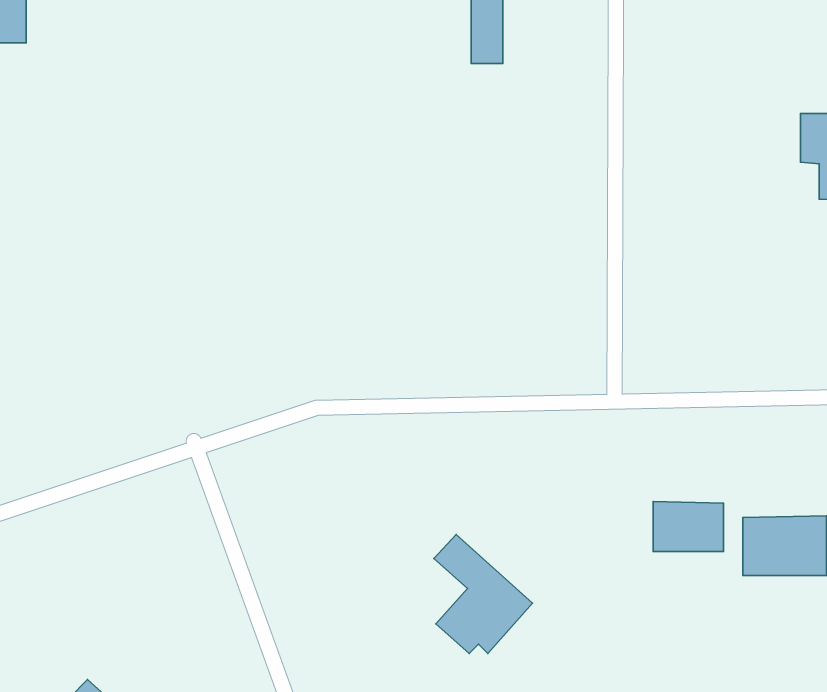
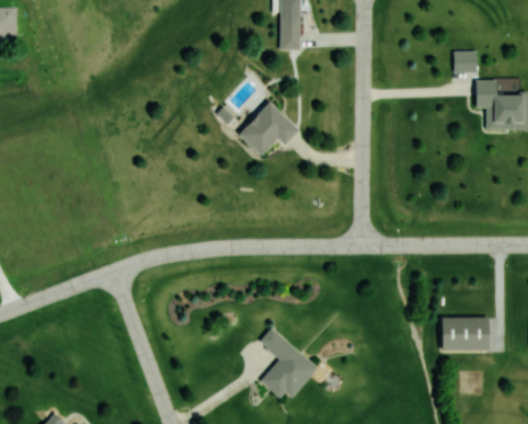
building: none -> [454,50,477,71]
building: none -> [239,101,299,156]
building: [653,502,723,551] -> none

